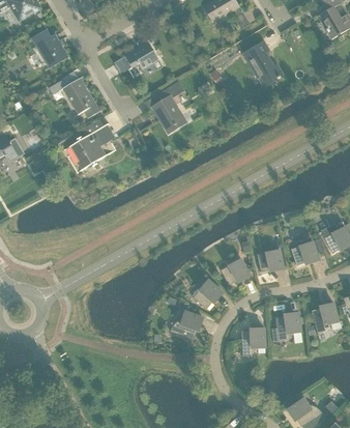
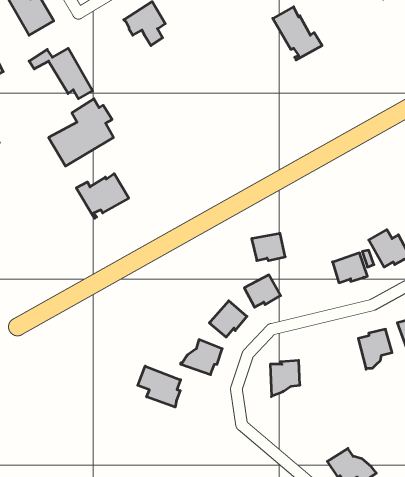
building: [153,82,186,132] -> none
building: none -> [76,174,129,218]
building: [257,249,284,270] -> [252,233,285,261]
building: [271,311,300,341] -> none
building: none -> [138,366,181,407]

